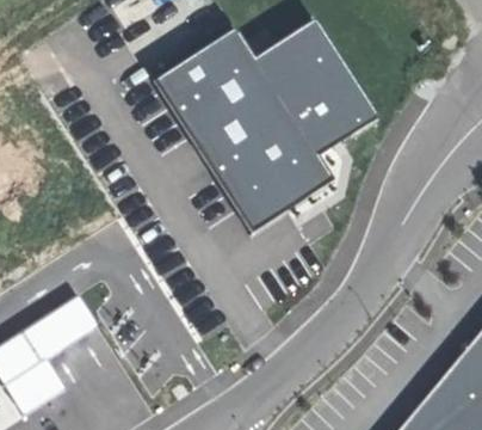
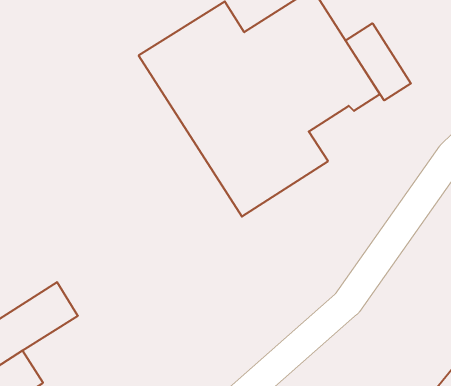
building: none -> [346,23,411,100]

